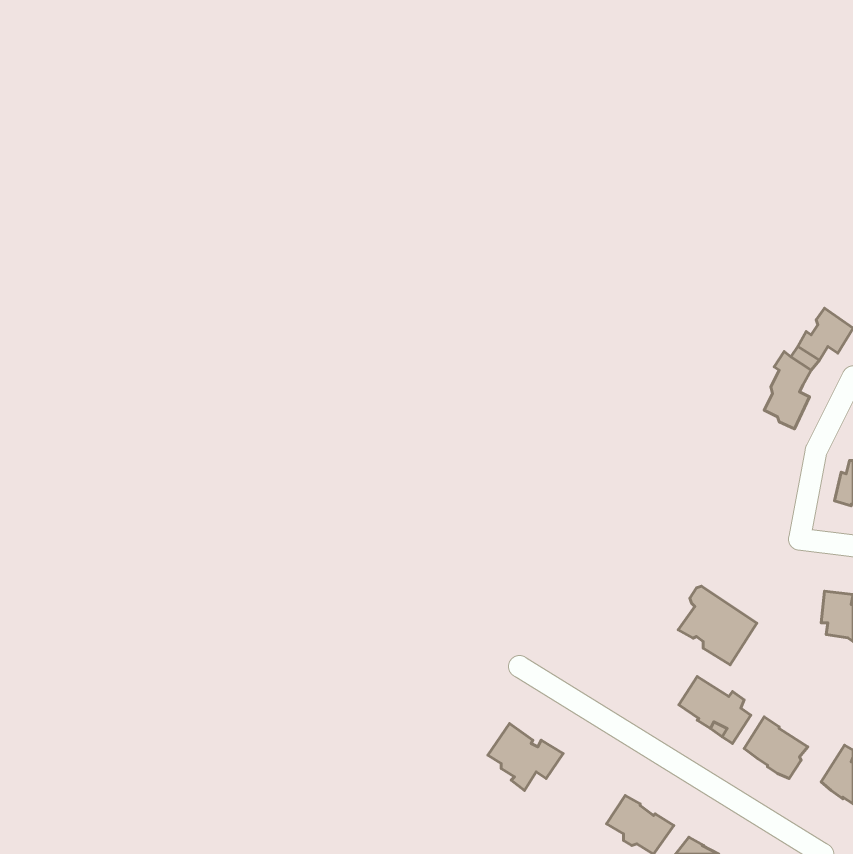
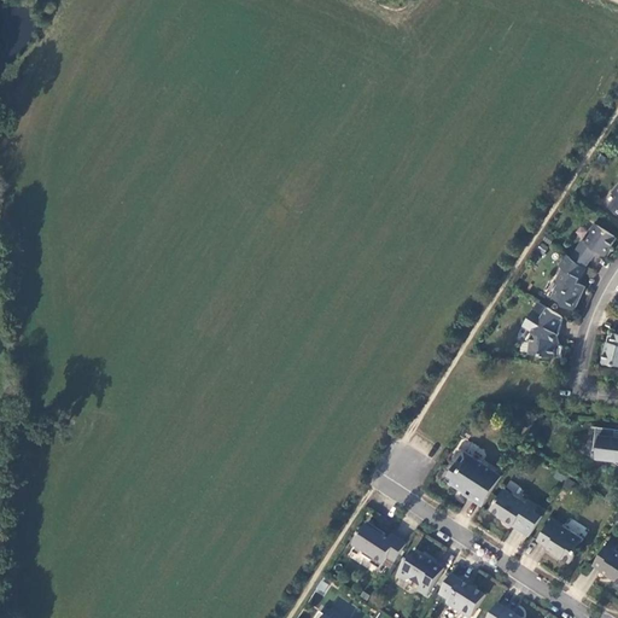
building: none -> [521,307,561,356]
building: [678,586,757,665] -> [443,448,500,505]
building: none -> [396,550,443,595]

